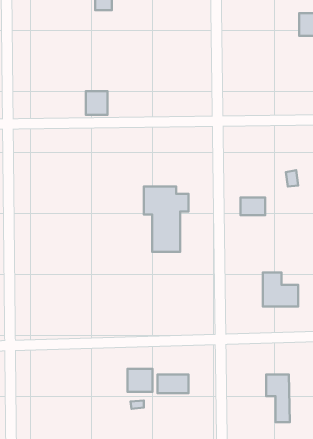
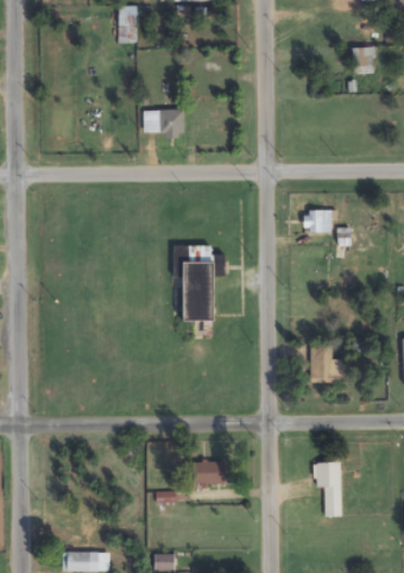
building: [86,91,108,115] -> [159,108,184,136]
building: [240,198,265,215] -> [303,212,332,232]
building: [127,369,153,392] -> none

